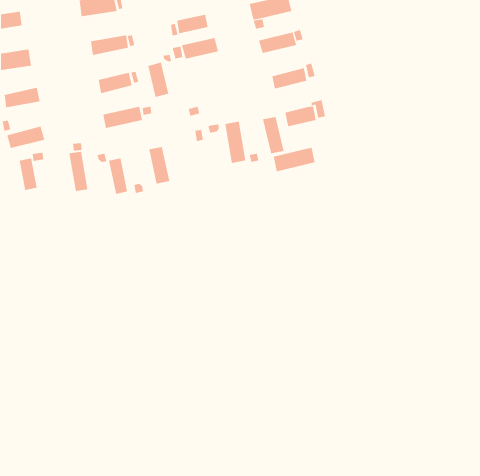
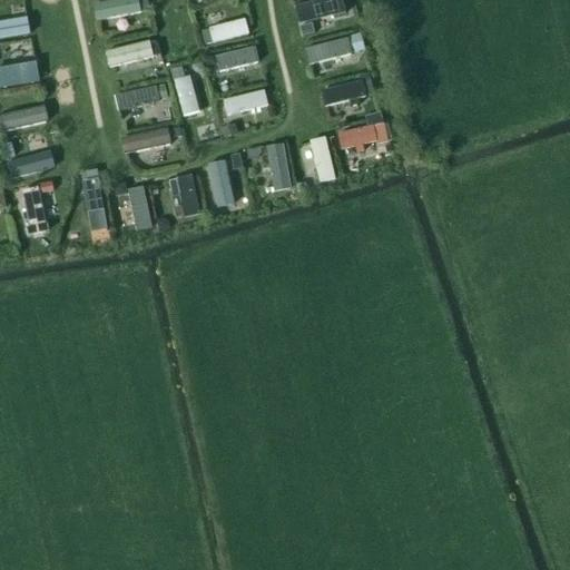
building: none -> [223,87,268,115]
building: none -> [206,158,235,208]
building: [273,147,315,172] -> none

